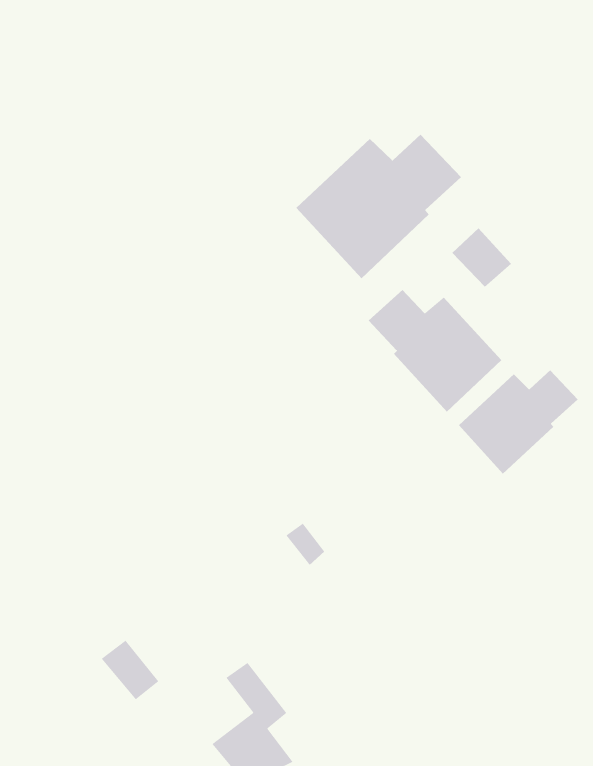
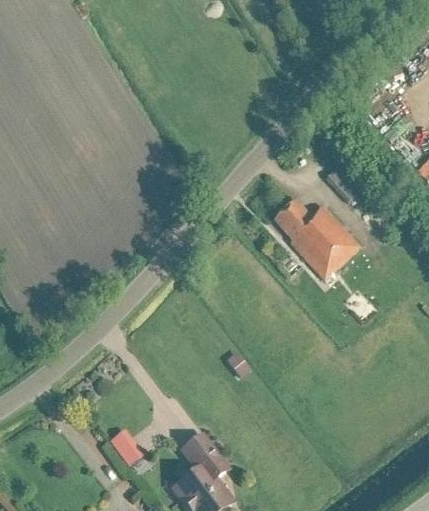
building: [296,134,462,279] -> none
building: [458,369,579,474] -> none

